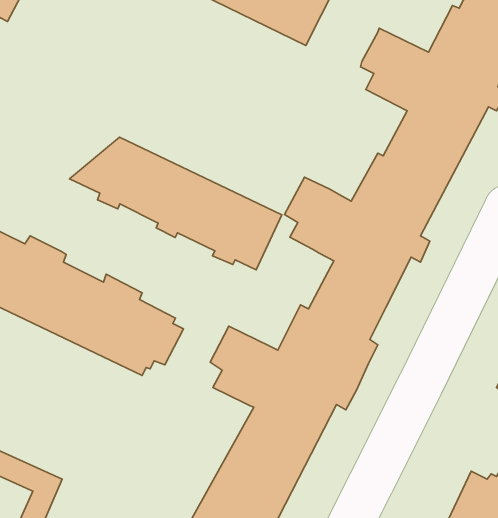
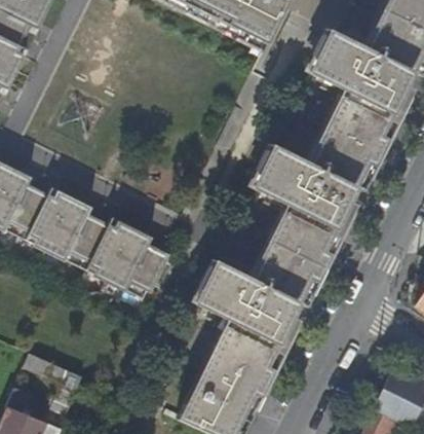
building: [70,137,282,270] -> none

